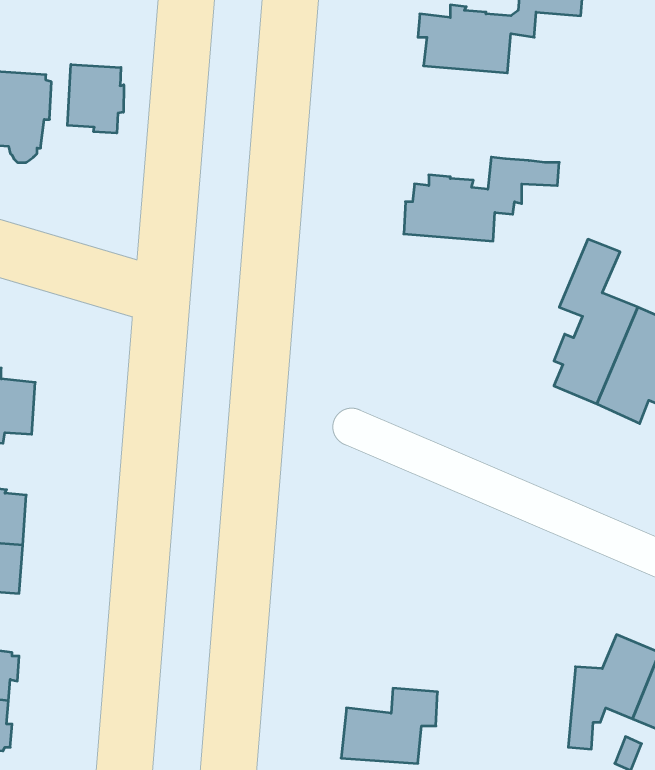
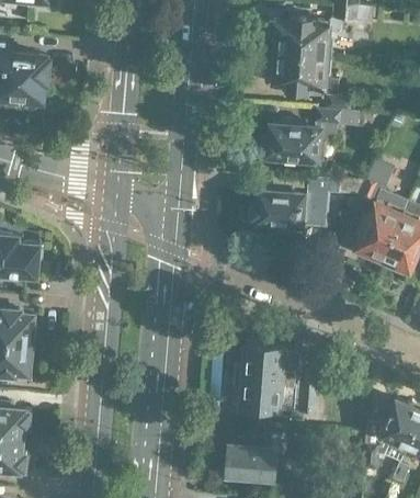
building: [67,64,124,133] -> none
building: none -> [274,52,352,111]
building: none -> [252,176,365,229]
building: none -> [234,341,317,414]

